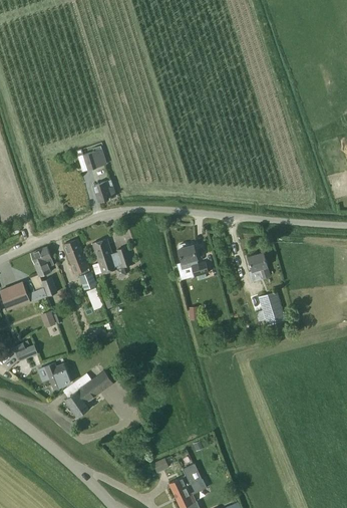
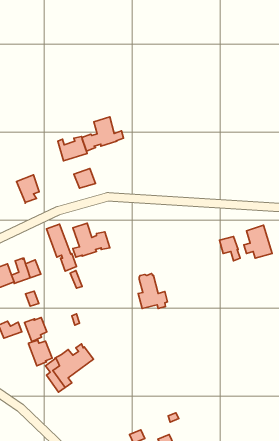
building: none -> [82,117,124,151]
building: [178,242,209,279] -> [138,274,168,308]
building: [30,246,54,276] -> [17,175,39,203]
building: [256,290,286,325] -> [244,225,272,258]
building: none -> [24,317,47,341]

